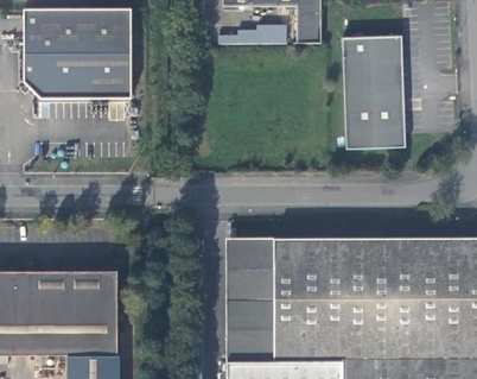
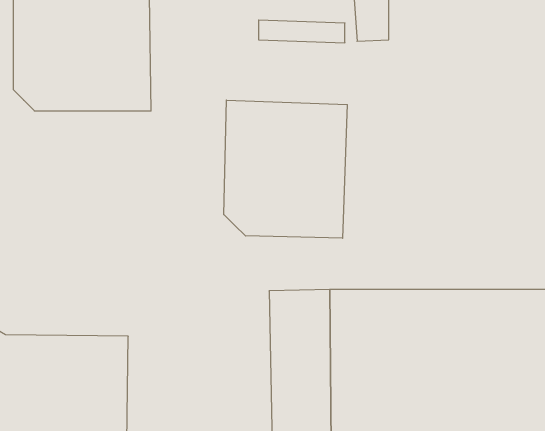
building: [342,34,406,149] -> none
building: none -> [224,100,347,238]

